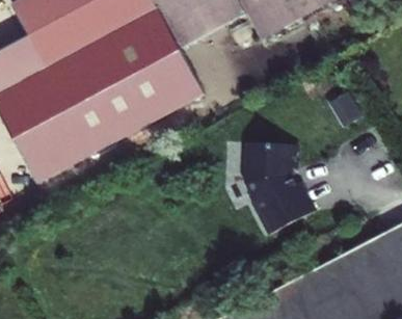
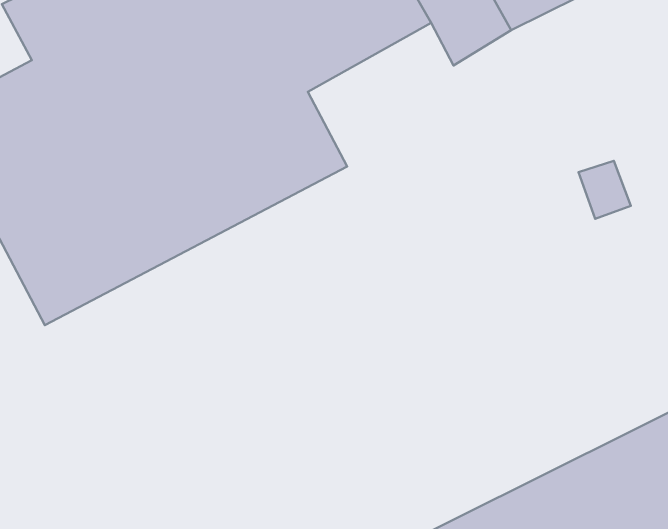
building: [247,138,315,230] -> none

